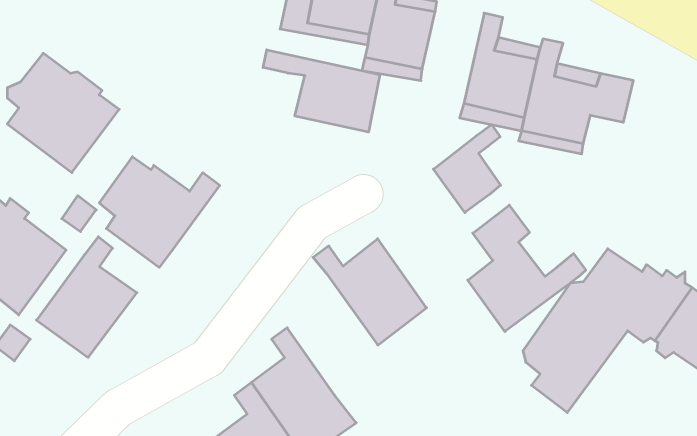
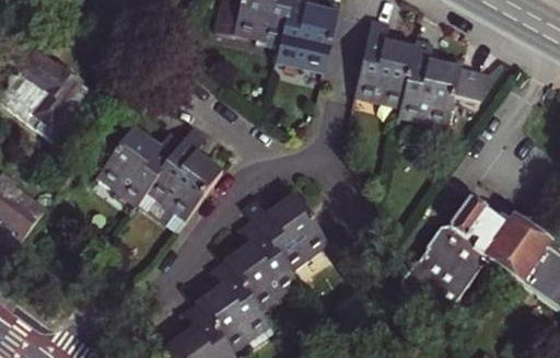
building: [263,50,380,132] -> none
building: [433,125,501,213] -> none
building: [468,205,586,332] -> none
building: [36,237,137,357] -> [136,137,212,229]
building: none -> [223,218,300,311]

